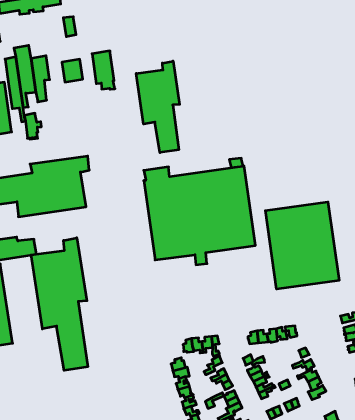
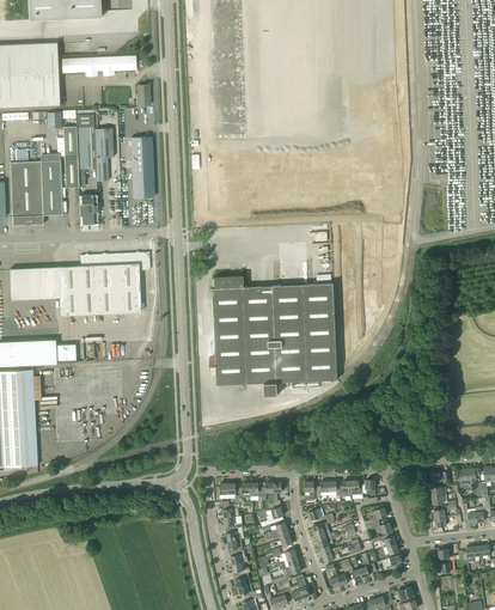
building: [92,51,115,89] -> [132,160,154,206]
building: [136,61,180,153] -> none
building: [265,202,339,289] -> none
building: [31,238,88,370] -> none

